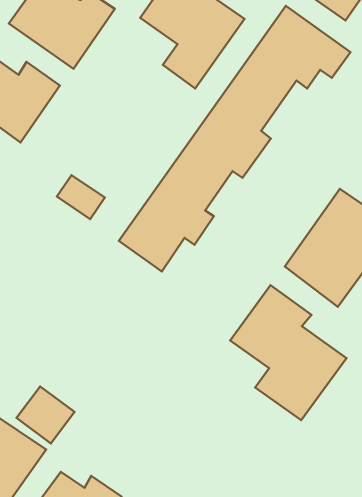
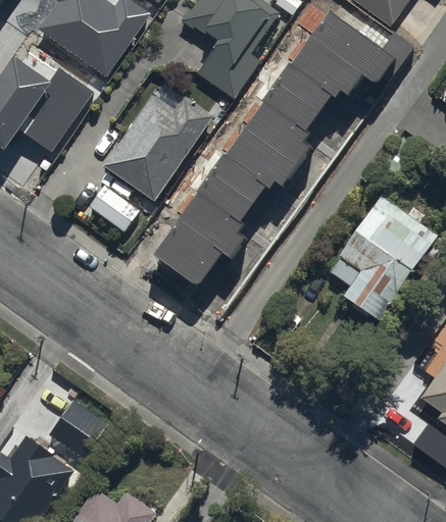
building: none -> [104,95,213,207]
building: [230,285,346,420] -> none

